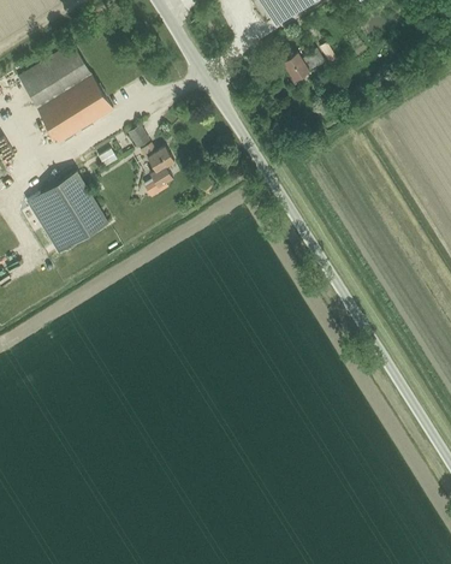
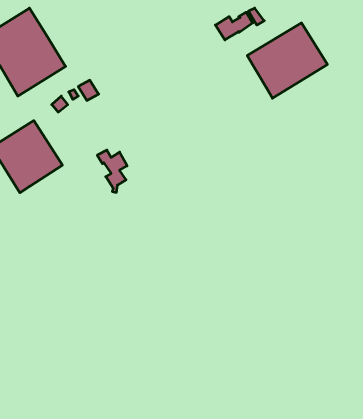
building: none -> [247,23,327,98]
building: [140,146,173,194] -> [97,150,127,192]

